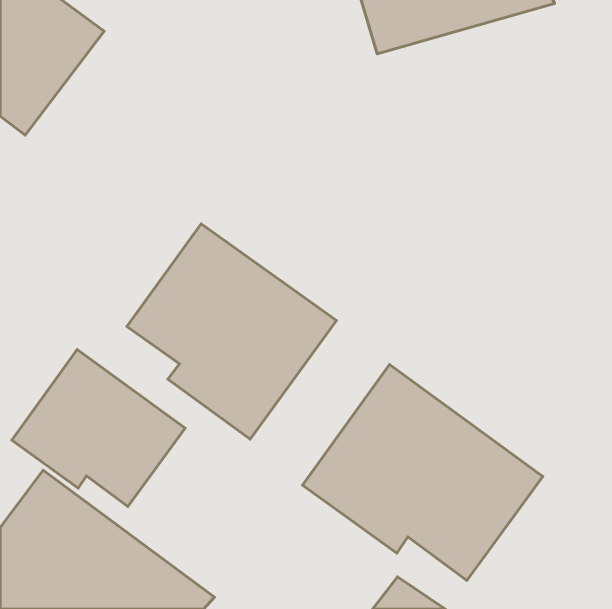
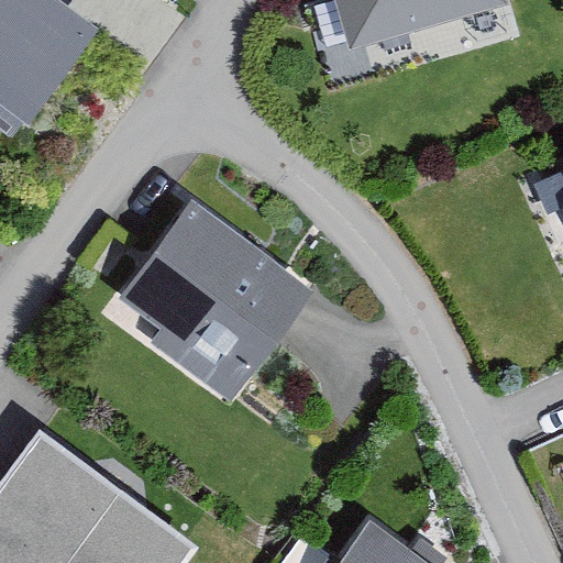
building: [12,350,185,507] -> none
building: [302,365,543,581] -> none

